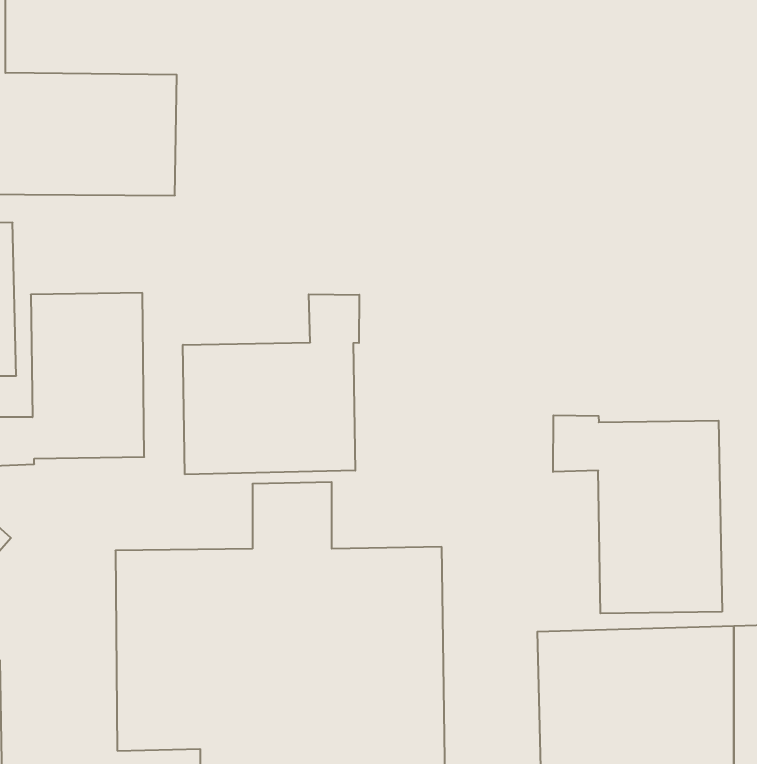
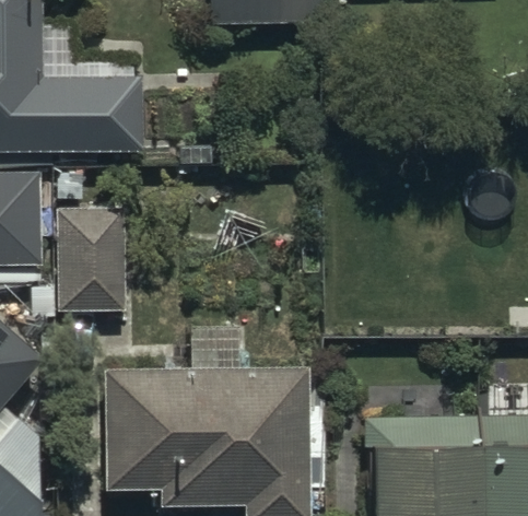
building: [183,294,359,474] -> none
building: [553,415,722,613] -> none

